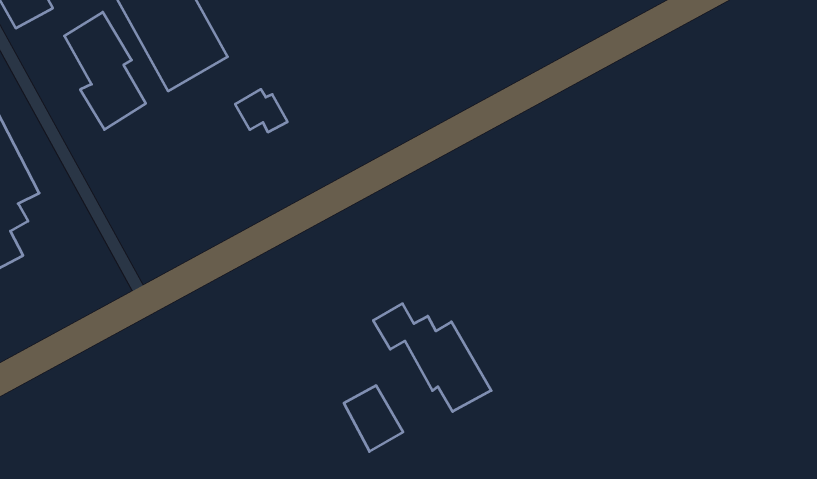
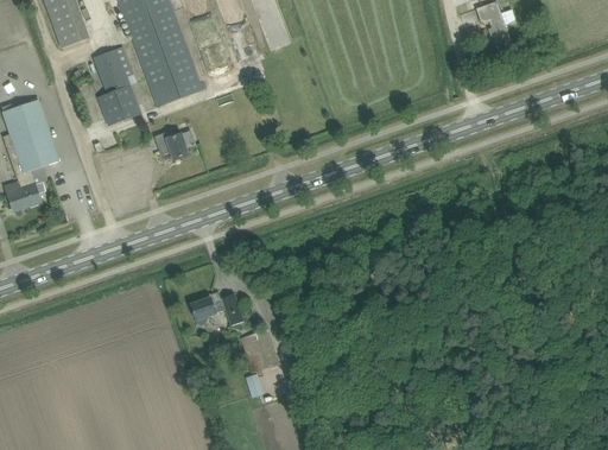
building: [235,89,287,132] -> [153,129,186,159]
building: [373,304,491,412] -> none
building: none -> [189,291,242,325]

